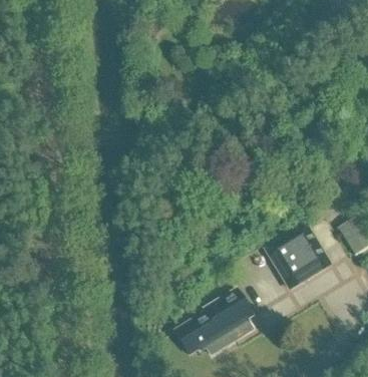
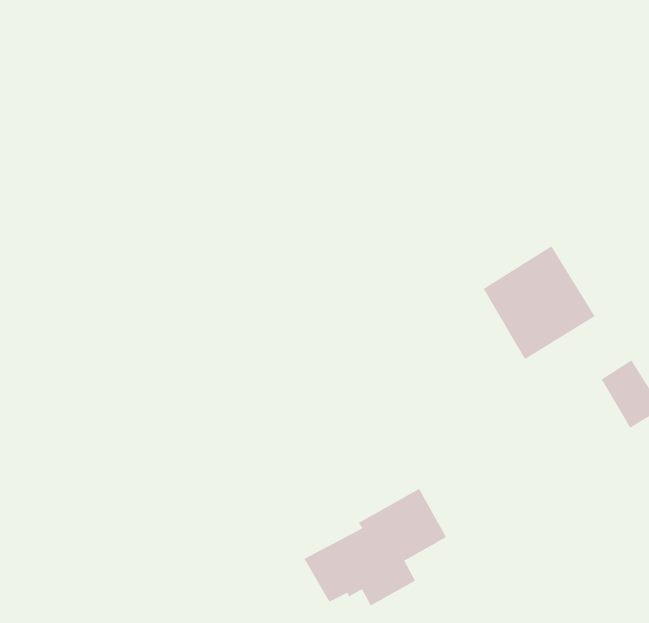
building: [267,227,329,290] -> [483,245,595,360]

